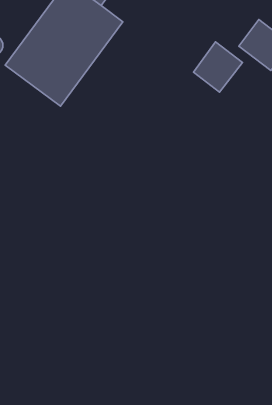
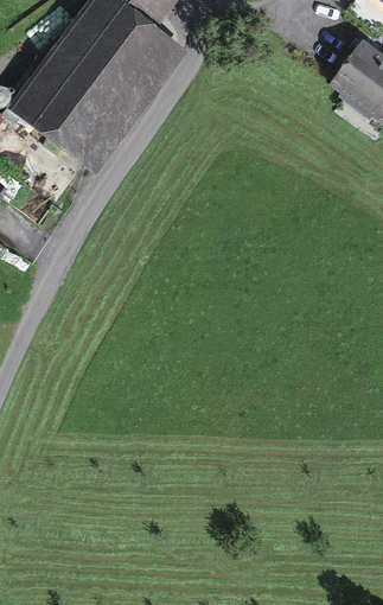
building: [193,42,243,92] -> none

